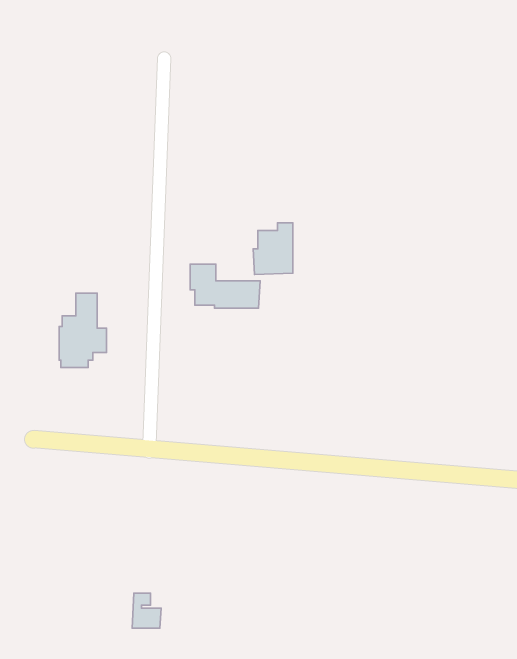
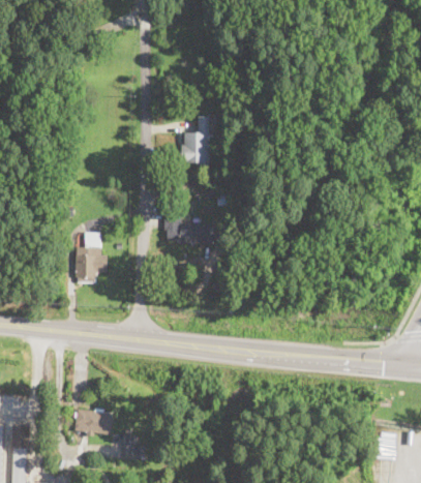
building: [253,223,293,275] -> [181,126,208,161]
building: none -> [73,407,114,434]

